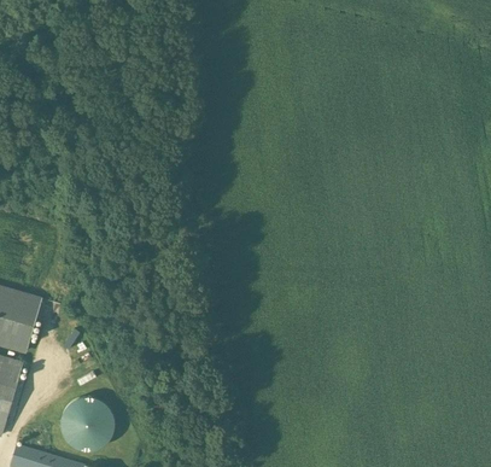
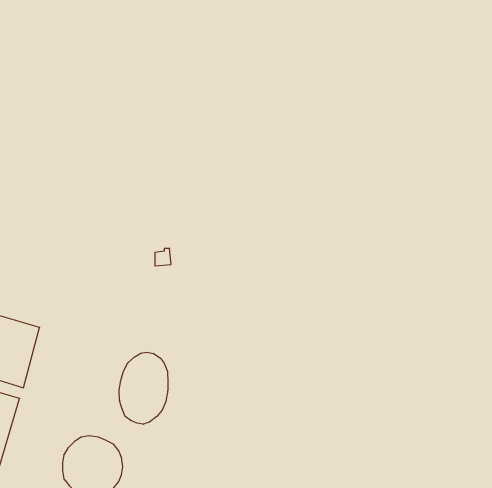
building: none -> [119,352,168,424]

